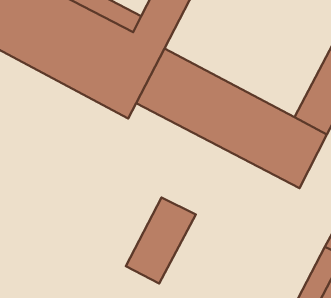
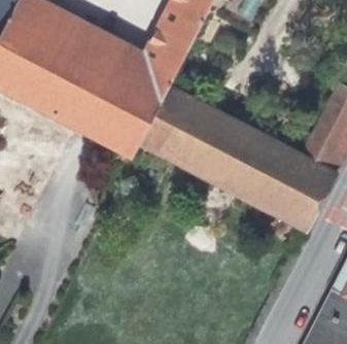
building: [126,198,196,283] -> none

